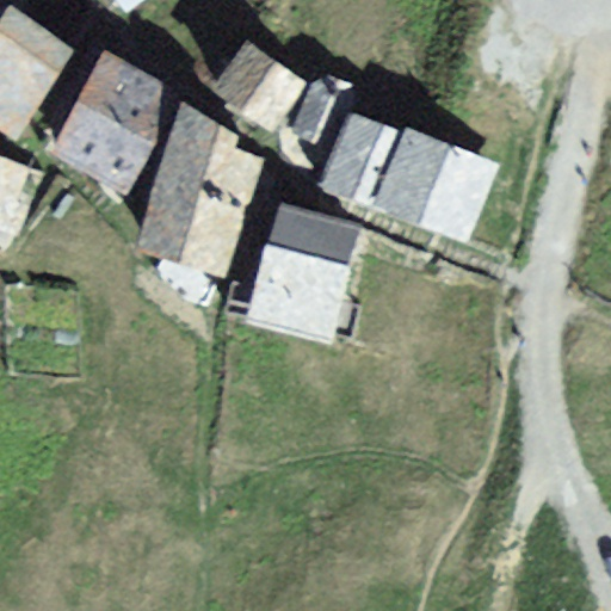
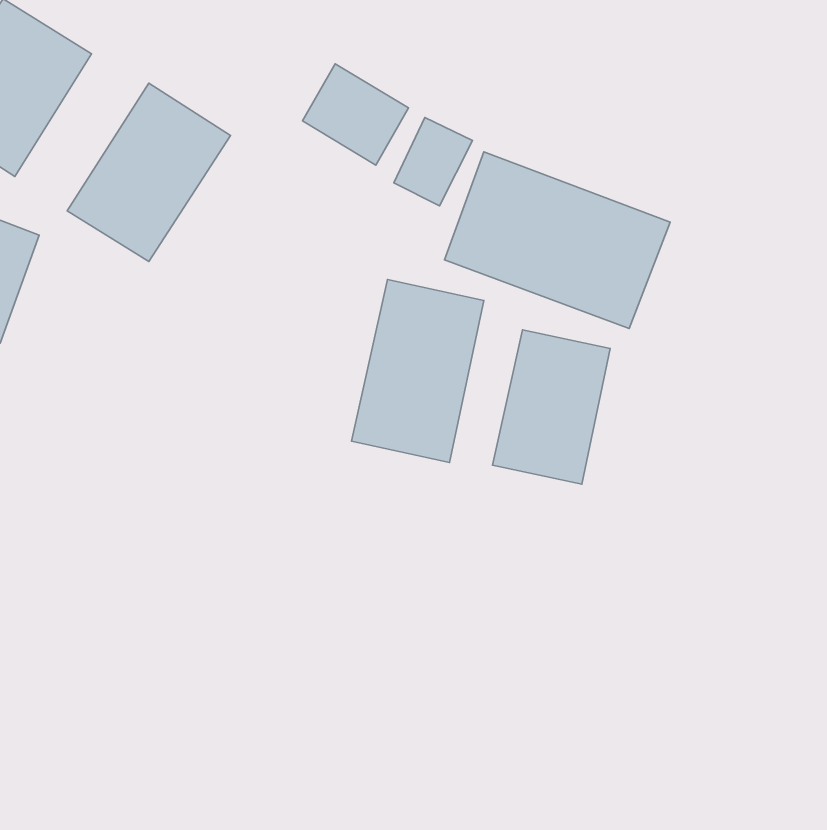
building: [146,107,263,276] -> none
building: none -> [493,330,610,484]

